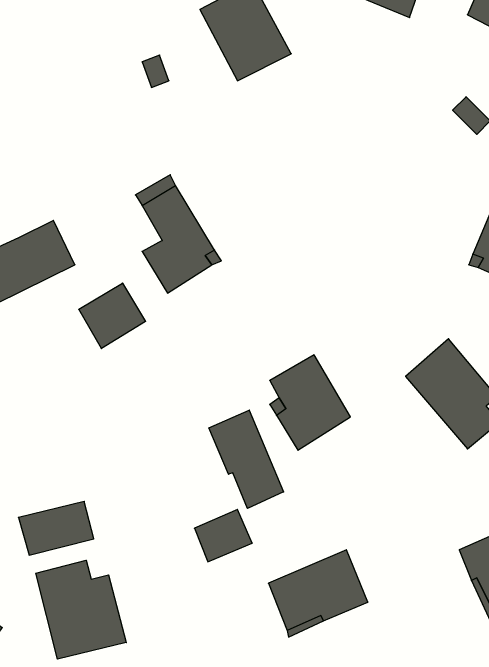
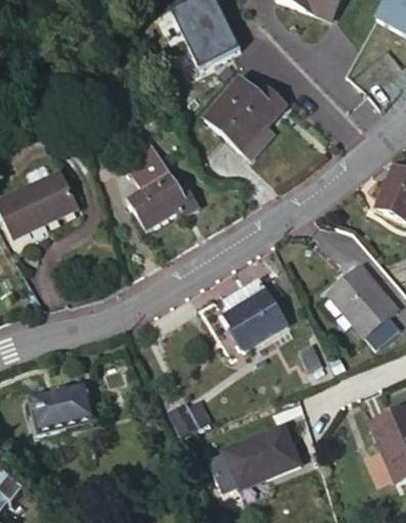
building: none -> [206,76,291,150]
building: [79,283,146,349] -> none
building: [209,410,284,508] -> none
building: [36,560,126,659] -> none

